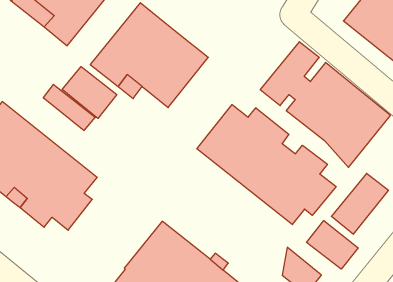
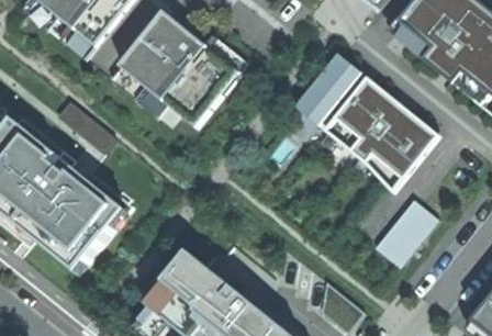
building: [62,67,117,118] -> none
building: [197,105,336,225] -> none
building: [307,221,358,269] -> none

